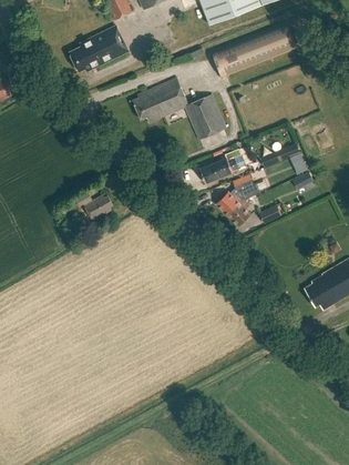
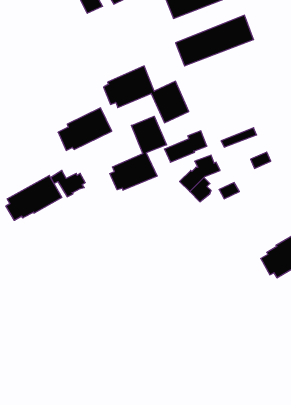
building: [69,26,127,72] -> [58,108,112,150]
building: none -> [110,116,167,190]
building: none -> [6,175,62,220]

